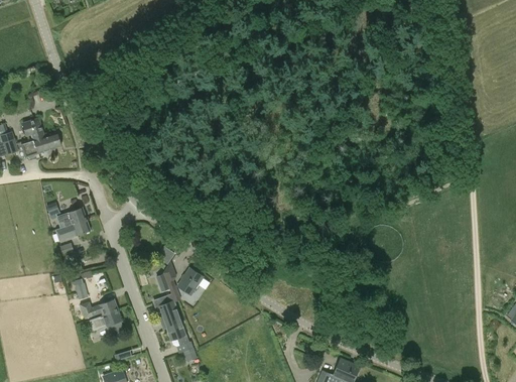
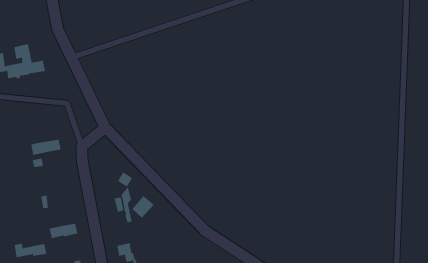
building: [45,201,87,227] -> none
building: [156,294,181,329] -> none
building: [80,298,118,319] -> [14,243,47,258]

